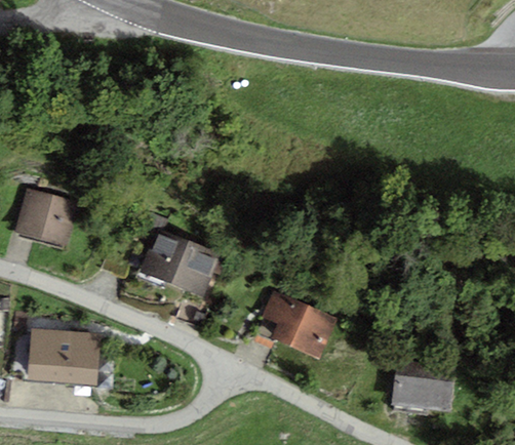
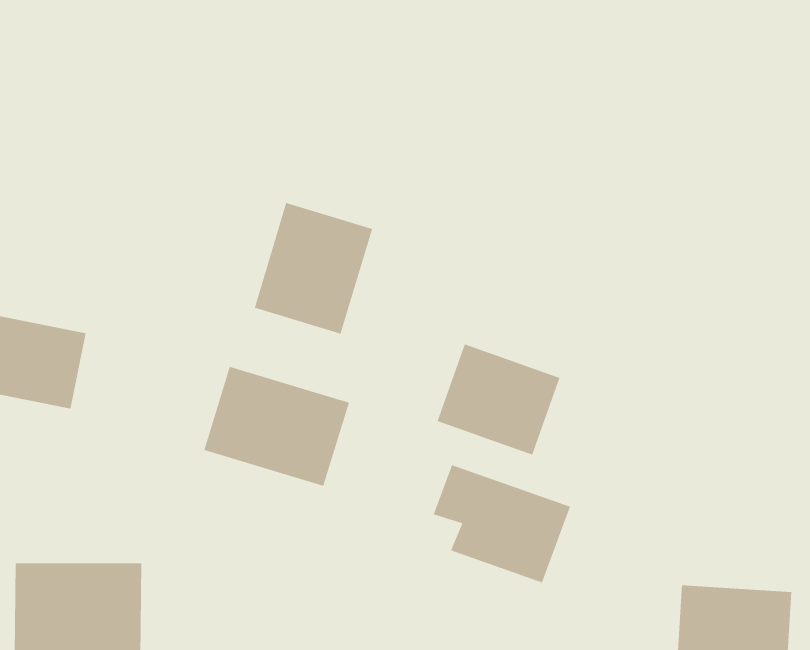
building: none -> [254,202,373,334]
building: none -> [437,344,560,455]

